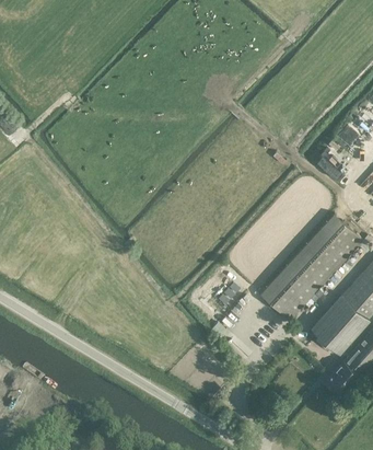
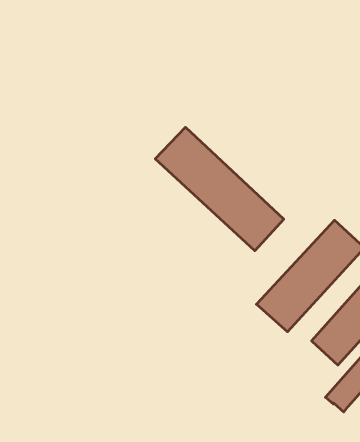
building: none -> [155,127,284,251]

